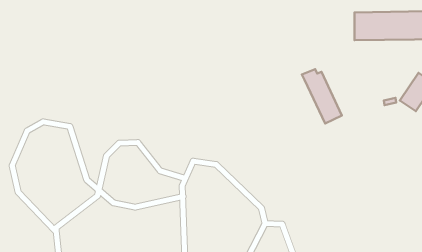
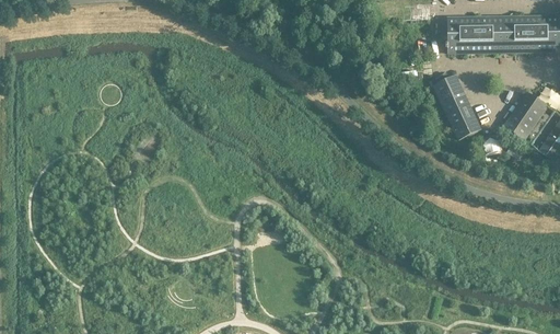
building: [302,69,342,123] -> [430,71,479,138]

